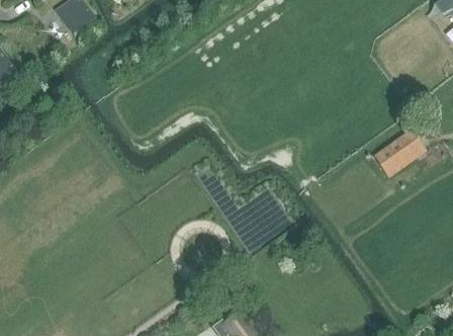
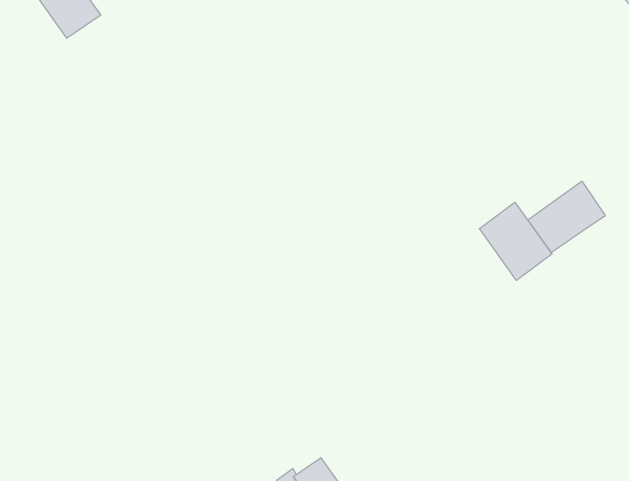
building: none -> [479,202,552,280]

